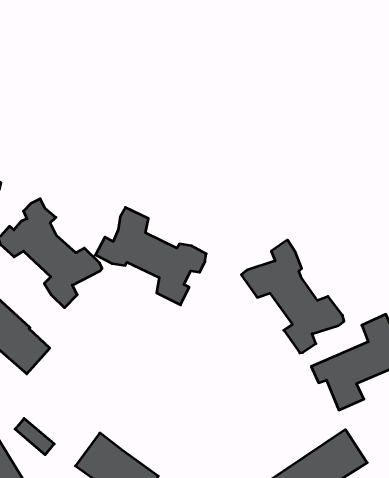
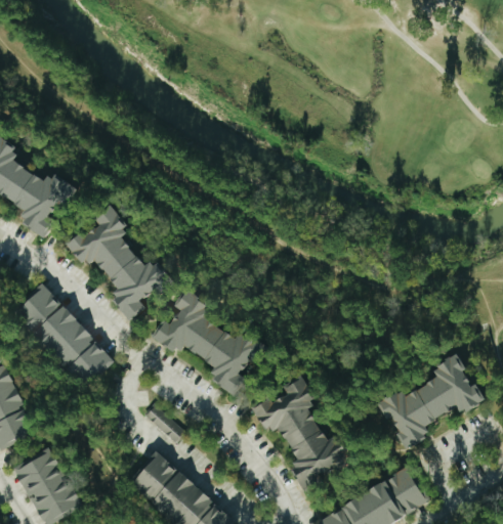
building: [95,207,206,305] -> [151,291,264,395]
building: [241,240,344,353] -> [250,375,351,491]
building: [15,418,54,455] -> [143,404,182,443]

